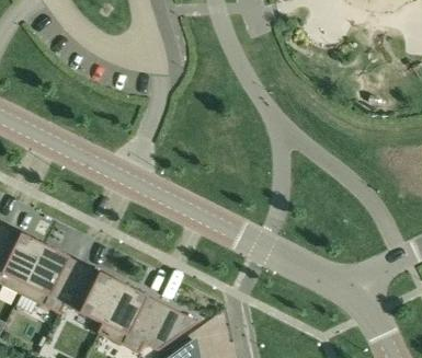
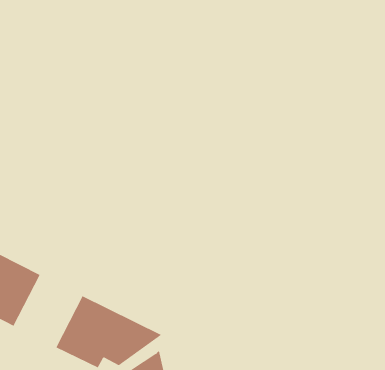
building: [57,264,122,333] -> none

